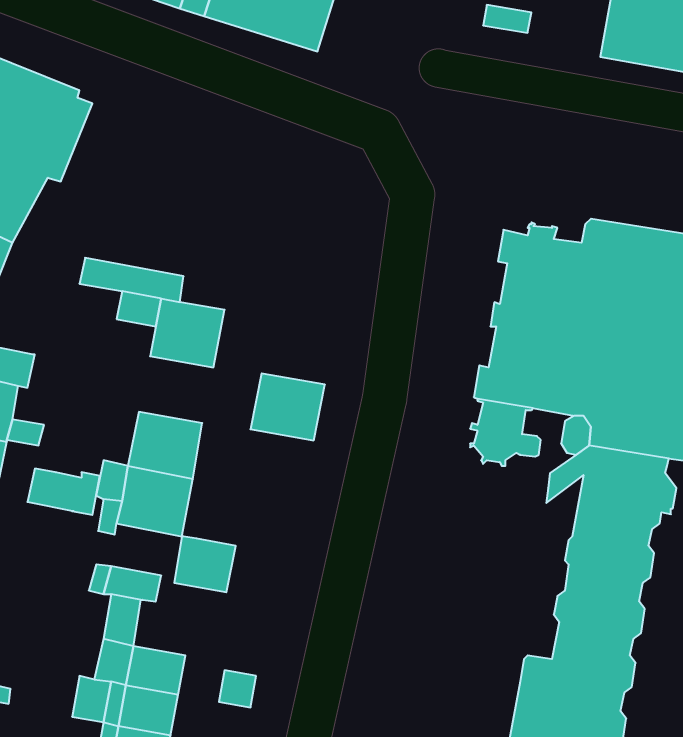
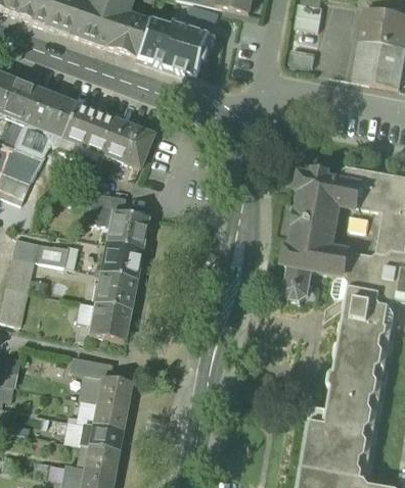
building: none -> [56,103,152,168]
building: [250,373,325,440] -> [100,242,141,279]
building: [27,469,100,515] -> [39,241,79,266]
building: [174,536,236,592] -> [97,376,131,406]

